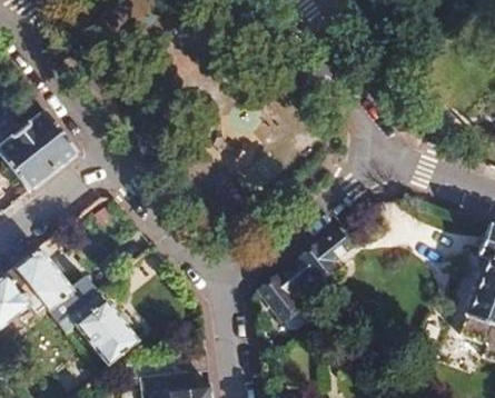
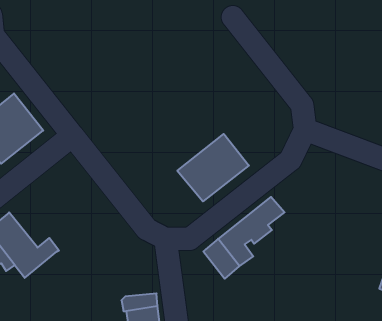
building: none -> [177,134,249,201]
building: [57,291,139,365] -> none

